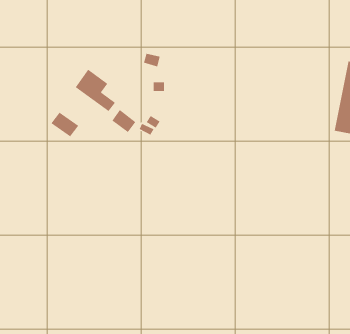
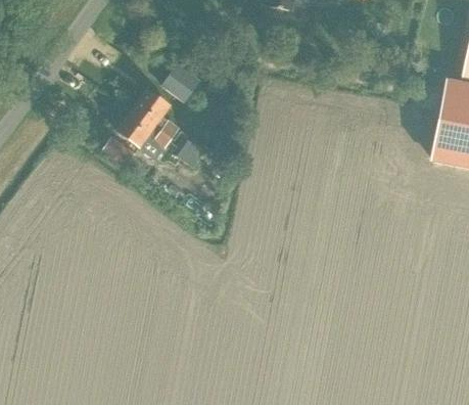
building: none -> [161,64,199,101]
building: none -> [114,109,171,148]

